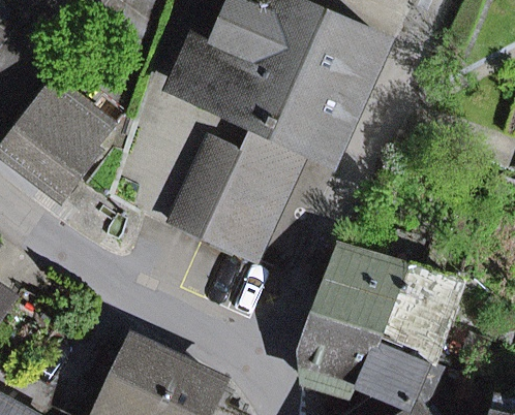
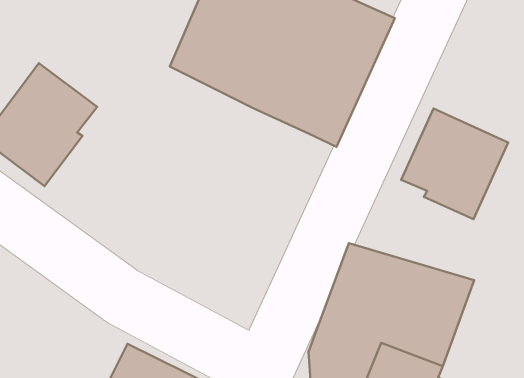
building: [174,126,306,261] -> none
building: none -> [401,109,508,219]

